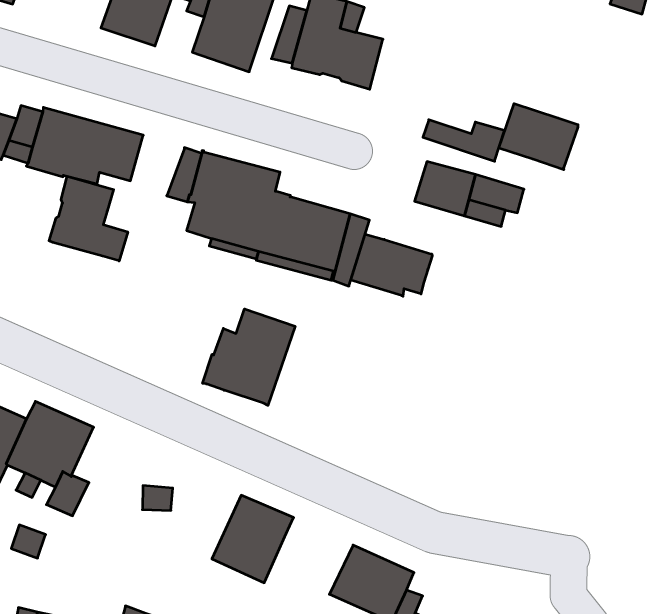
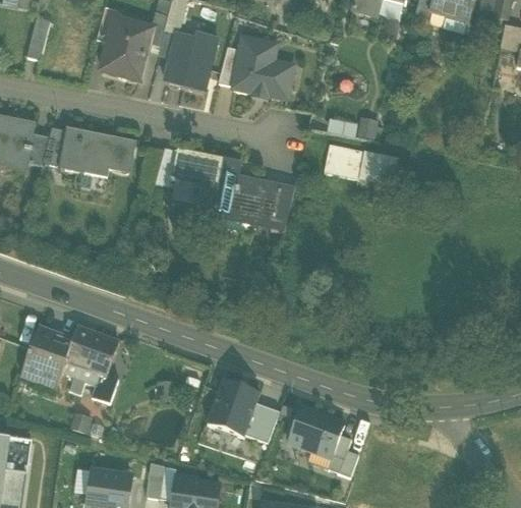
building: [499,104,578,170] -> none
building: [49,176,128,261] -> none
building: [351,234,432,296] -> none
building: [203,309,295,405] -> none
building: none -> [244,402,279,442]

